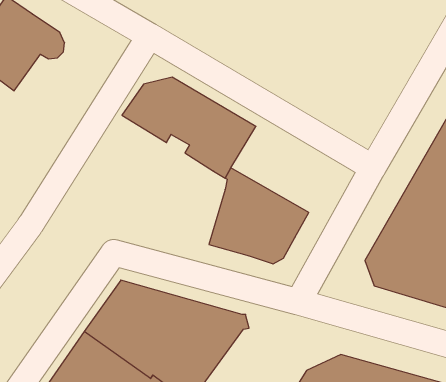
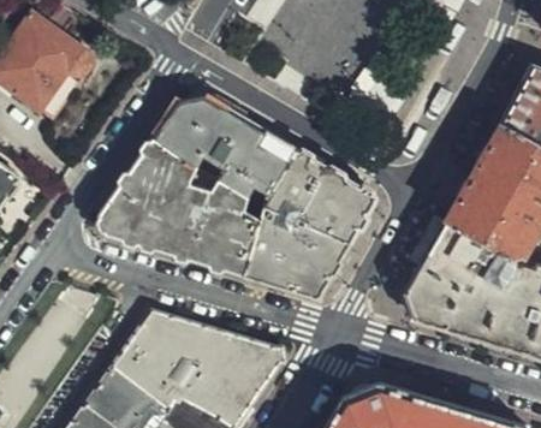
building: none -> [100,138,260,274]
building: none -> [266,150,374,240]

